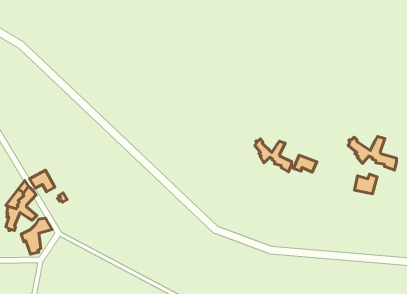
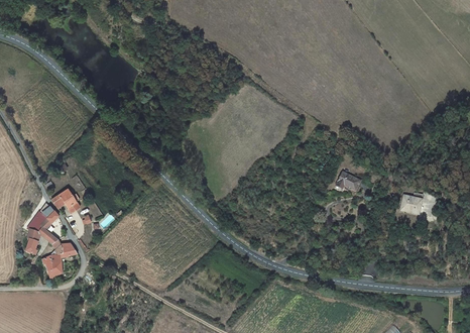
building: [348,137,396,170] -> none
building: [255,139,292,172] -> none

